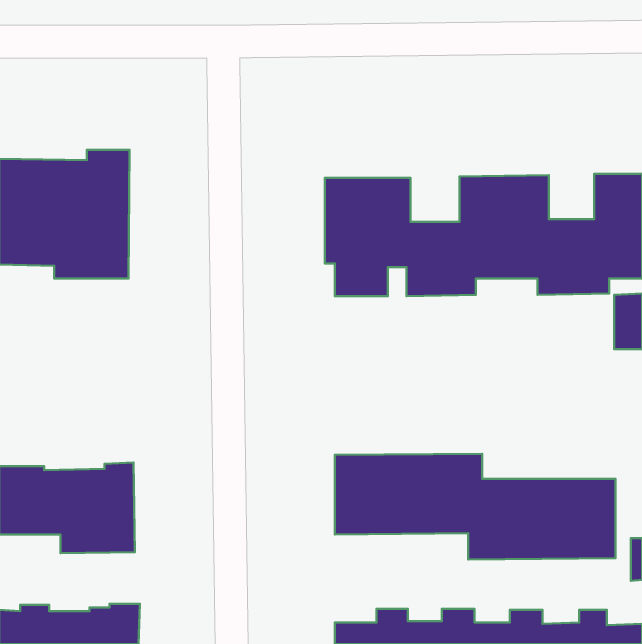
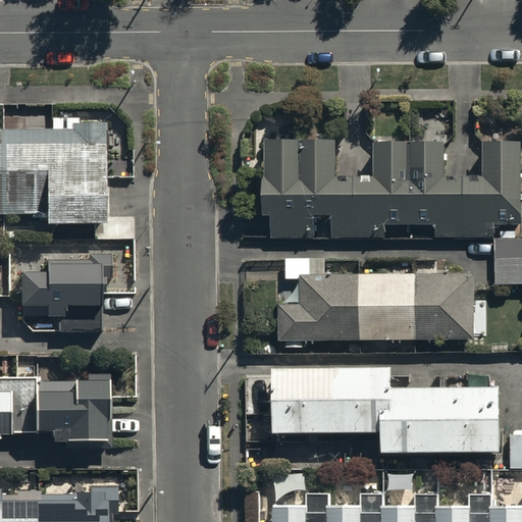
building: none -> [18,255,111,332]
building: none -> [278,274,472,341]

